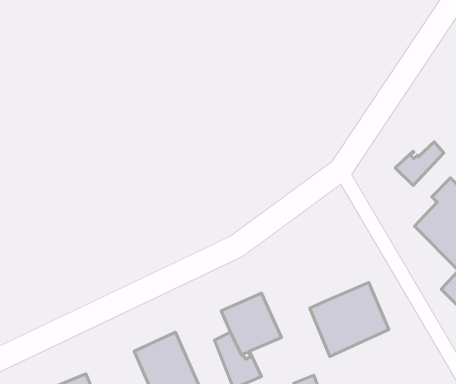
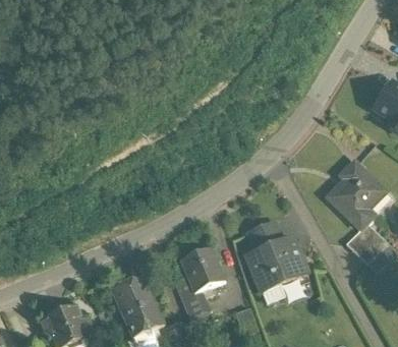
building: [395,142,444,186] -> none
building: none -> [249,222,282,252]

